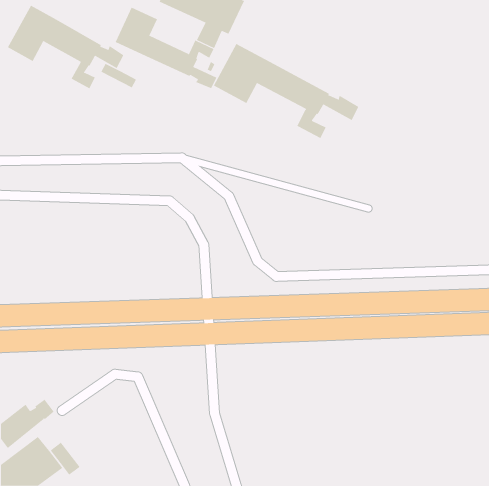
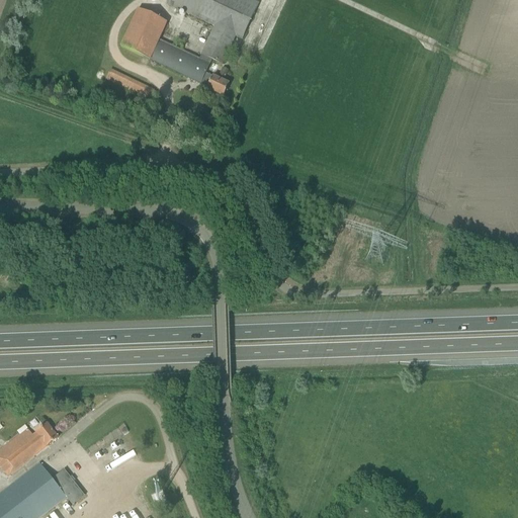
building: [7,5,124,89] -> none
building: [213,43,359,139] -> none

